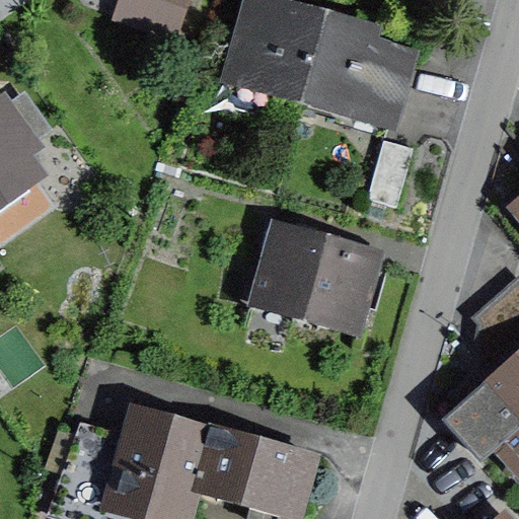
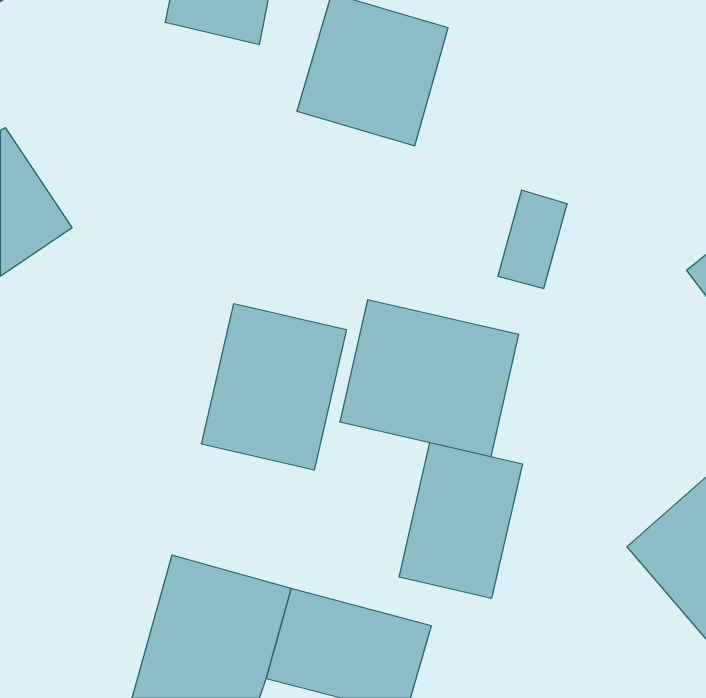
building: [305,20,418,132] -> none
building: none -> [202,304,346,470]
building: none -> [399,443,522,598]

